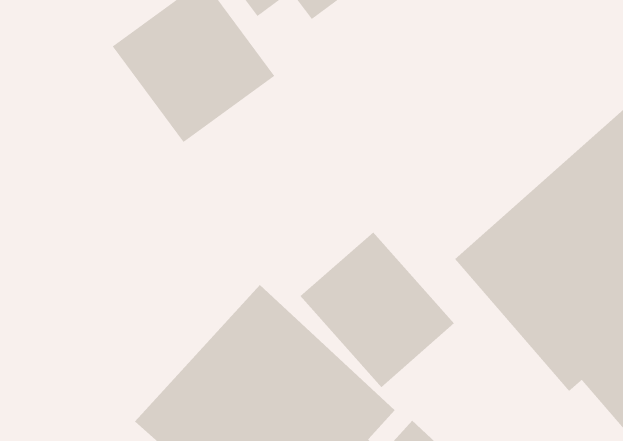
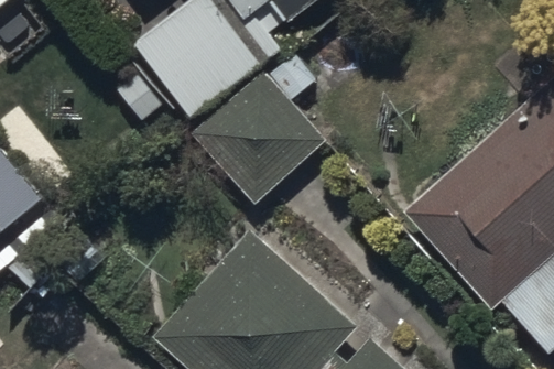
building: none -> [193,54,326,205]
building: [300,231,455,388] -> none

